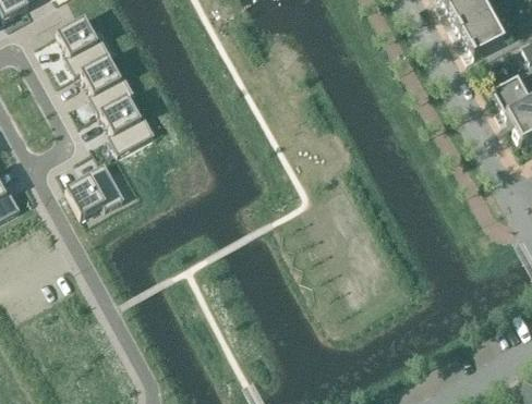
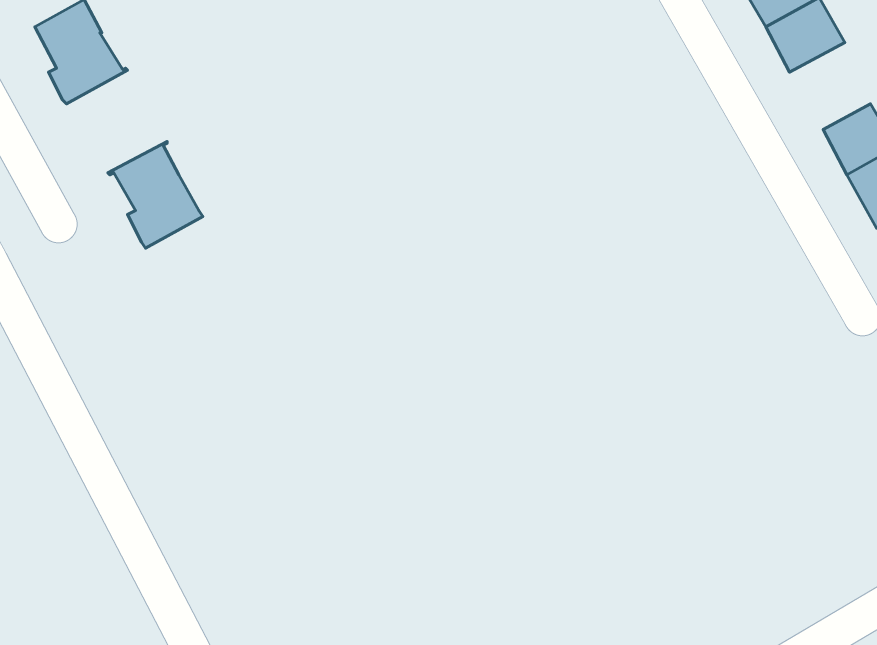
building: [76,54,132,111] -> none
building: [68,160,124,215] -> none

